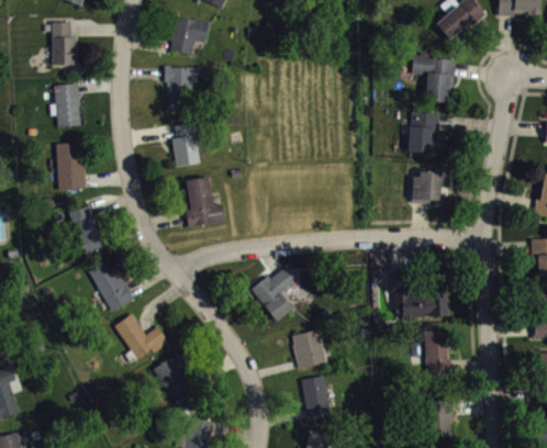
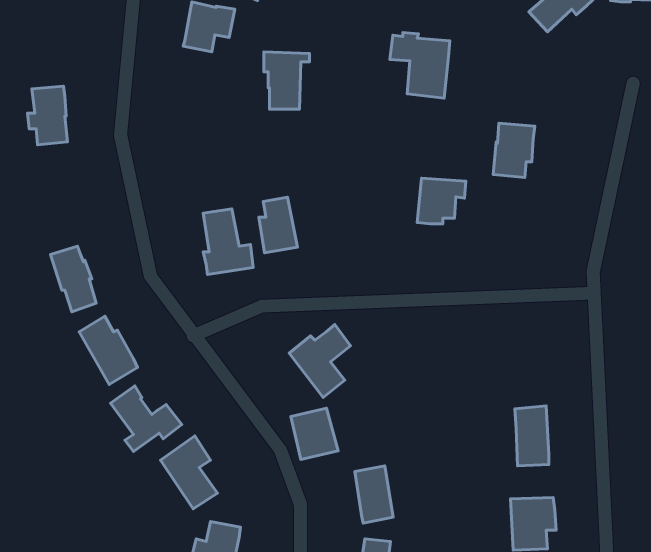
building: [53,24,76,67] -> none
building: [411,53,457,103] -> [390,32,450,98]
building: [165,66,200,110] -> [264,52,310,109]
building: [171,123,201,166] -> [259,197,297,253]
building: [57,142,86,190] -> none
building: [411,168,448,203] -> [417,178,466,224]
building: [391,273,448,321] -> none
building: [292,329,328,369] -> [291,408,338,459]

